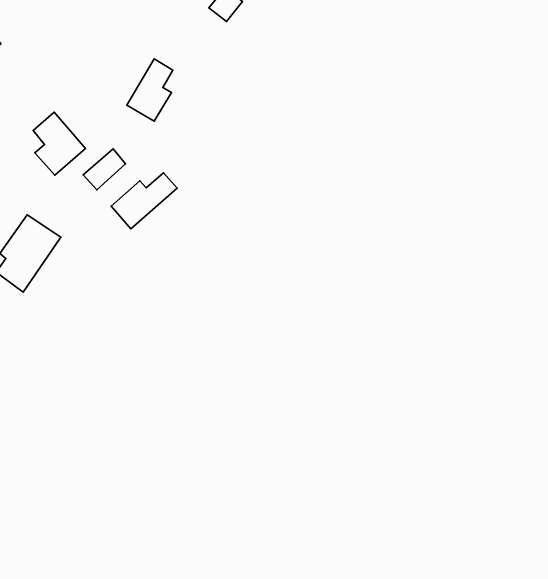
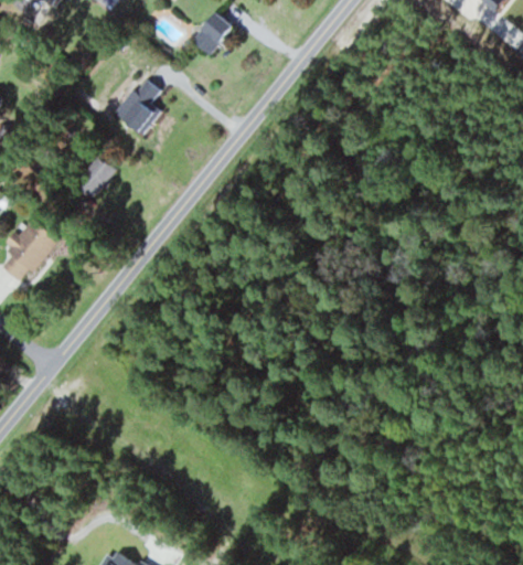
building: [33,112,86,175] -> none
building: [111,173,177,229] -> none

